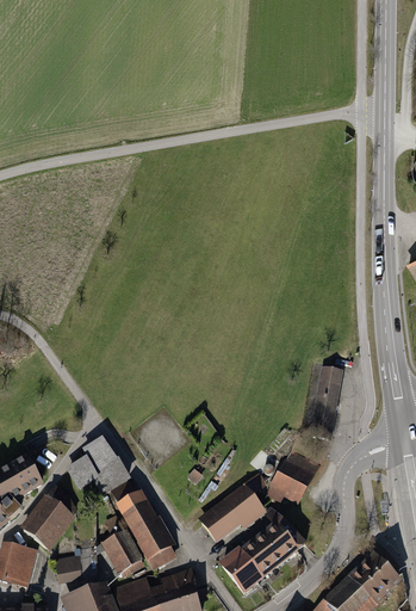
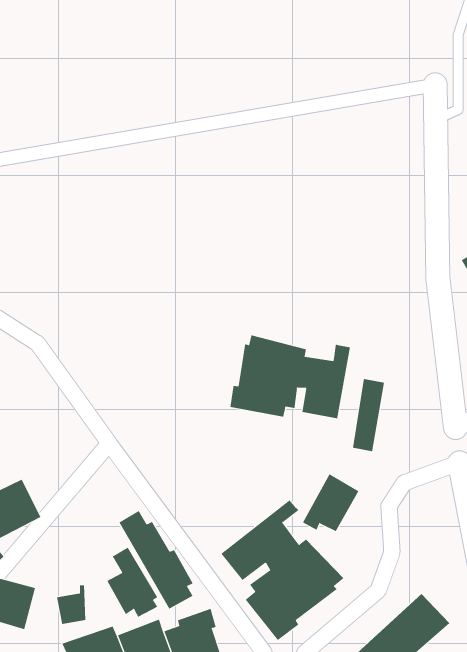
building: none -> [230,334,350,419]
building: [64,440,128,498] -> none
building: [19,487,76,553] -> none

